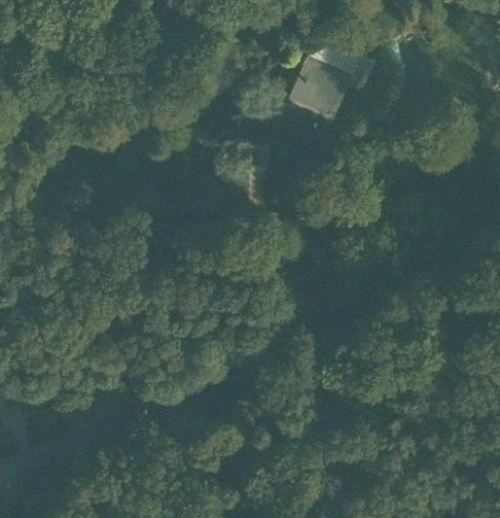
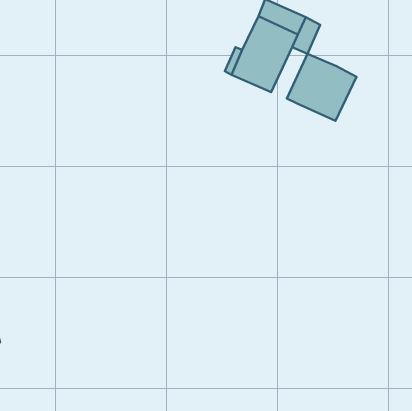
building: none -> [287,54,357,121]

